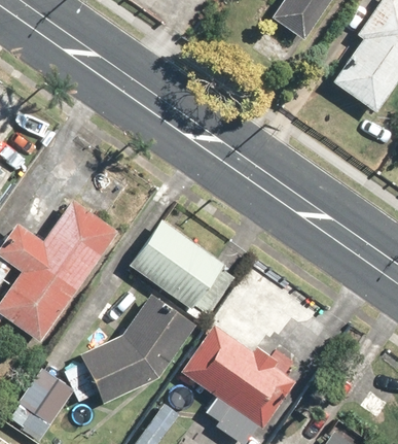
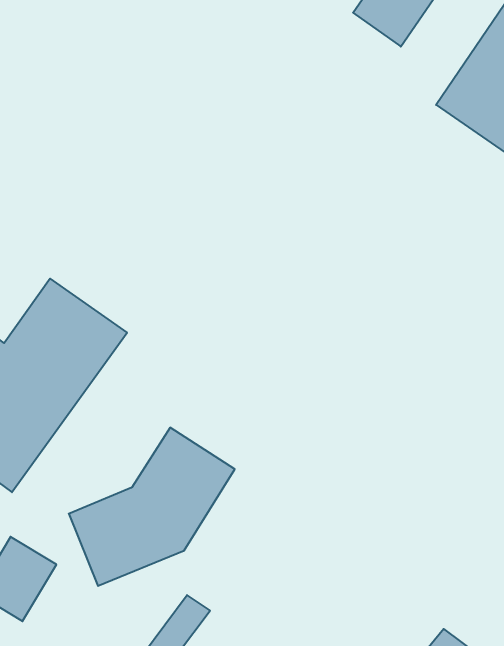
building: [130,217,222,306] -> none
building: [180,323,296,429] -> none

